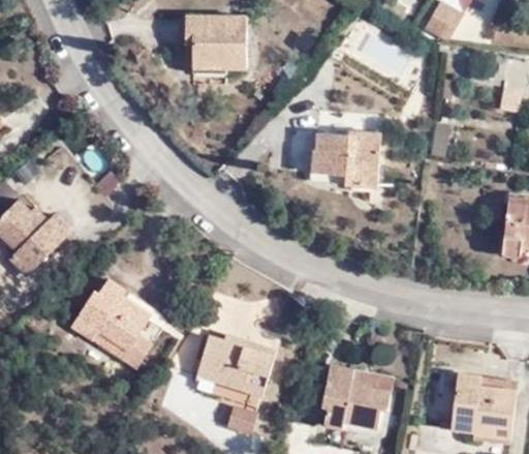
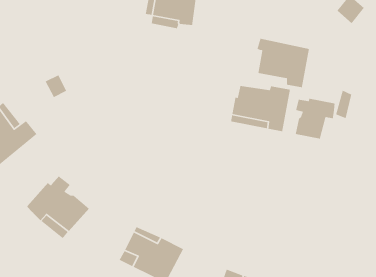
building: none -> [256,38,310,88]
building: none -> [295,98,336,139]

